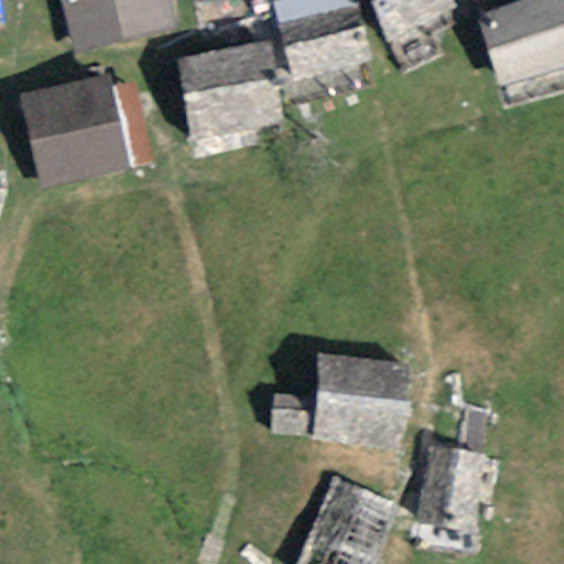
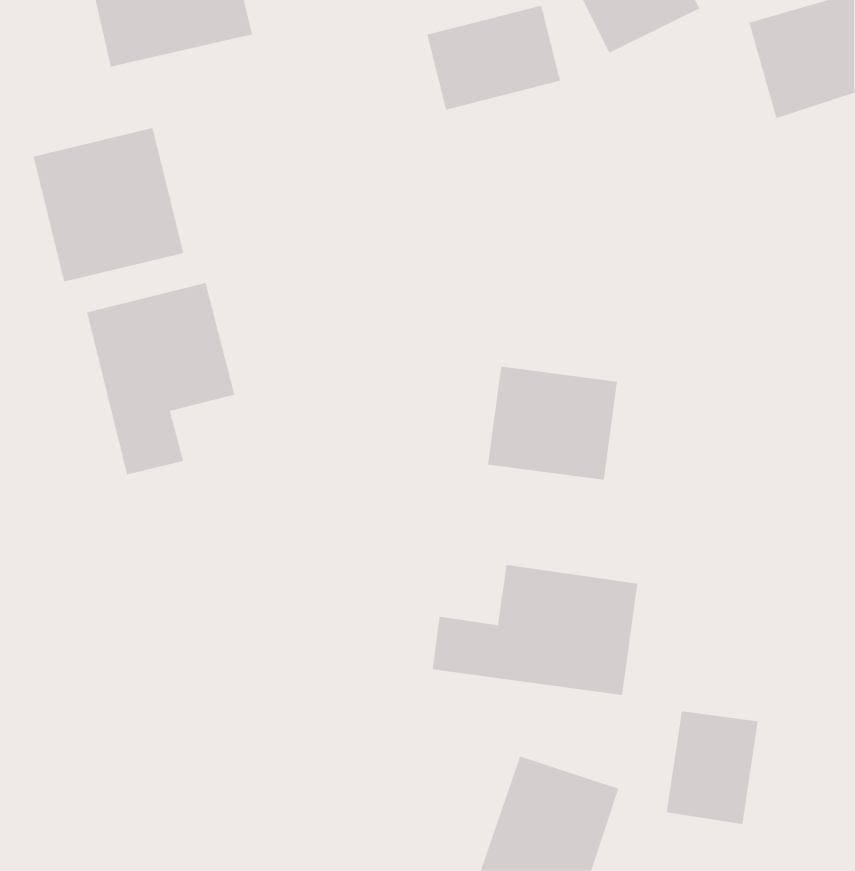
building: [173,43,276,134] -> none
building: none -> [86,282,235,475]
building: none -> [487,366,618,481]

